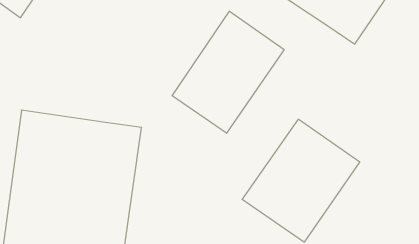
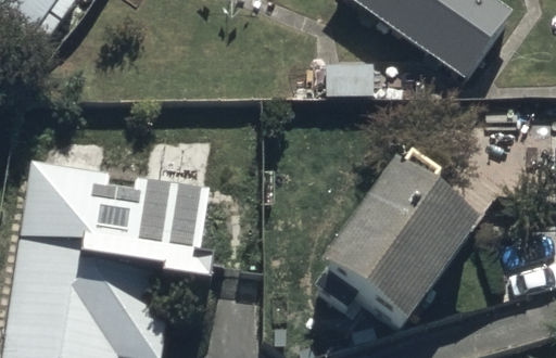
building: [172,11,284,133] -> none

